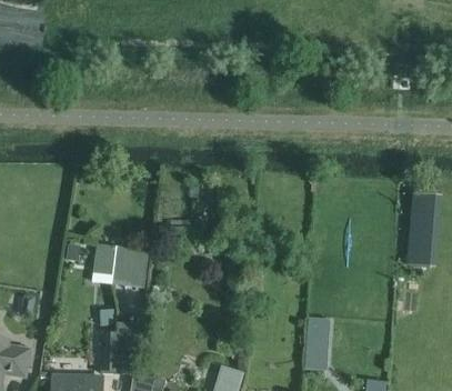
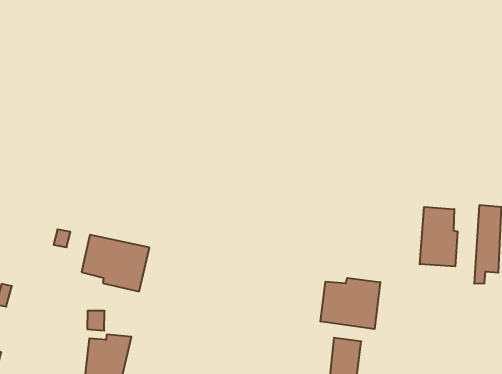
building: none -> [420,207,458,266]
building: none -> [320,278,380,329]

